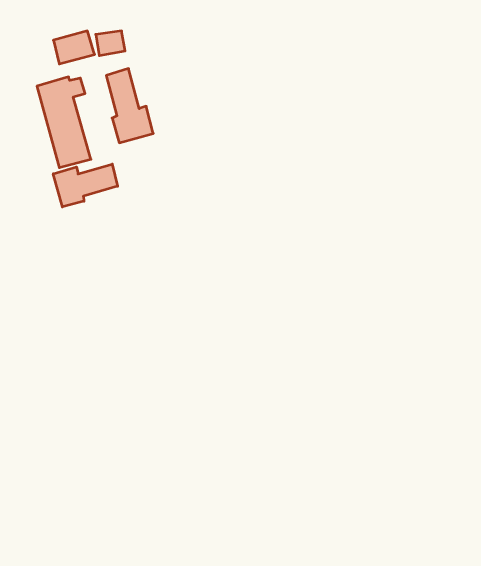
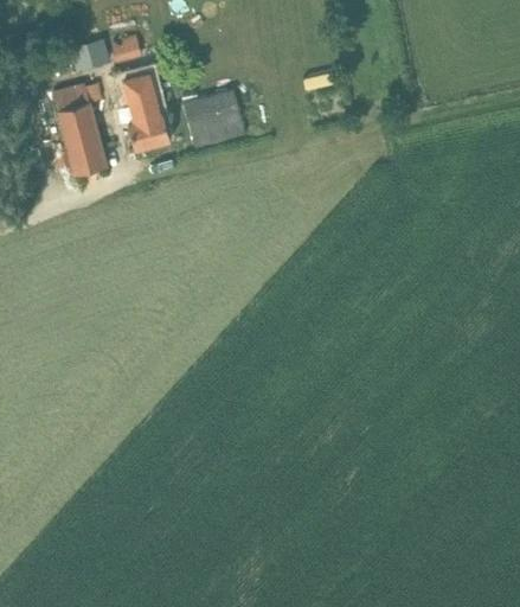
building: none -> [182,89,246,148]
building: [53,164,118,207] -> none

